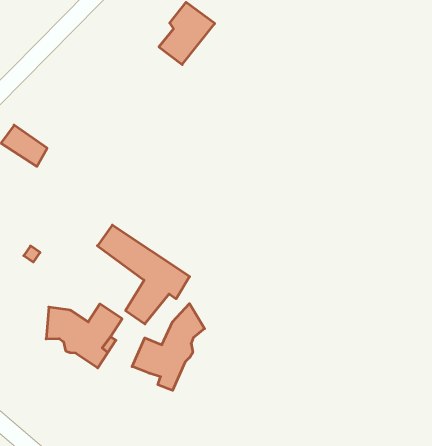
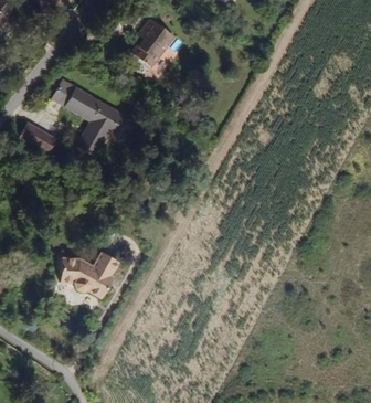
building: [97,225,190,324] -> [54,82,126,155]
building: [132,304,205,390] -> none

